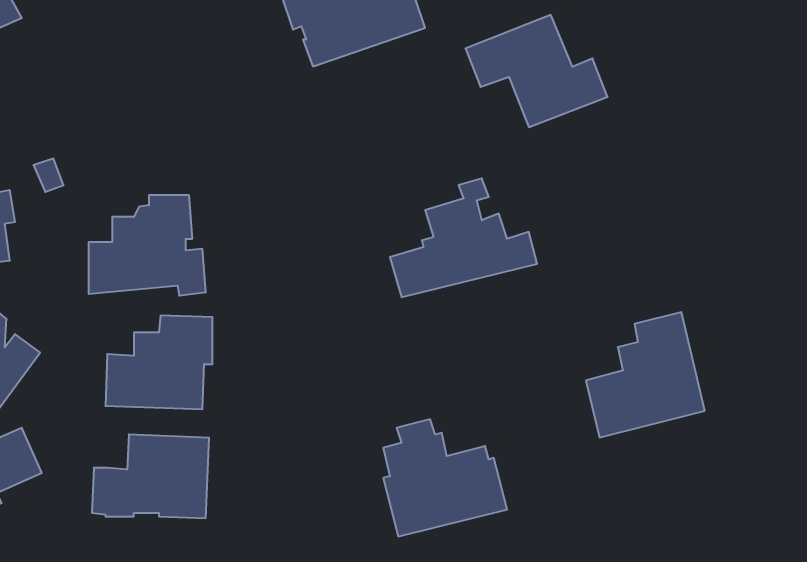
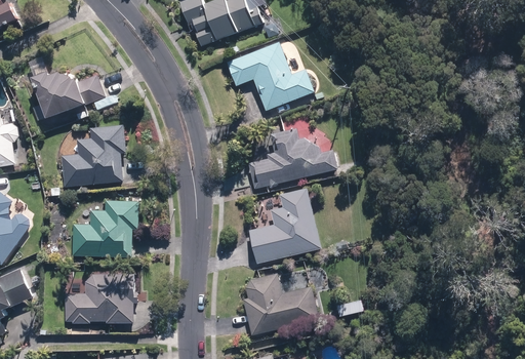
building: [465,15,608,127] -> [226,42,313,111]
building: none -> [27,61,105,118]
building: [586,312,705,437] -> [249,188,322,265]

